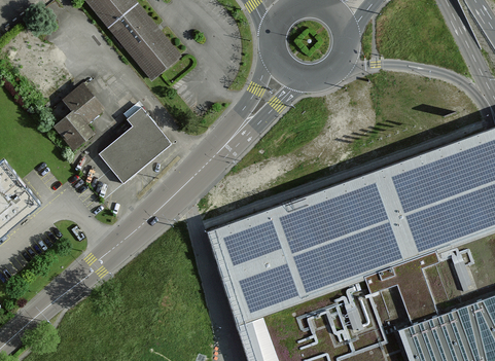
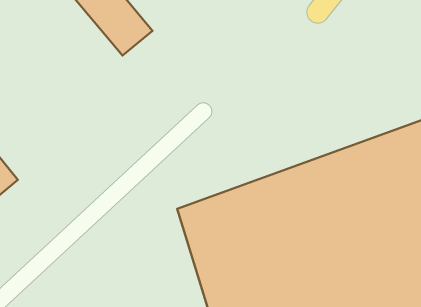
building: [55,84,105,151] -> none
building: [100,110,172,186] -> none

